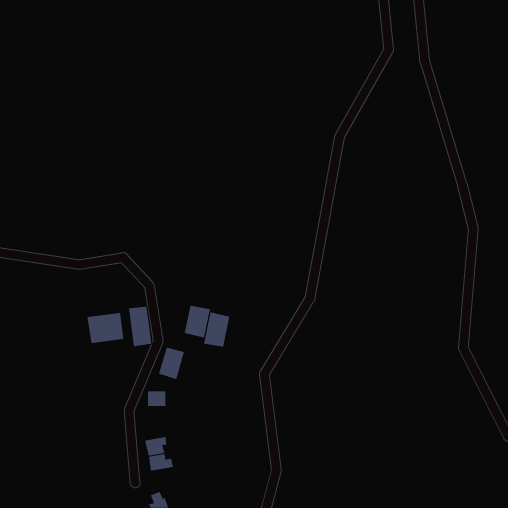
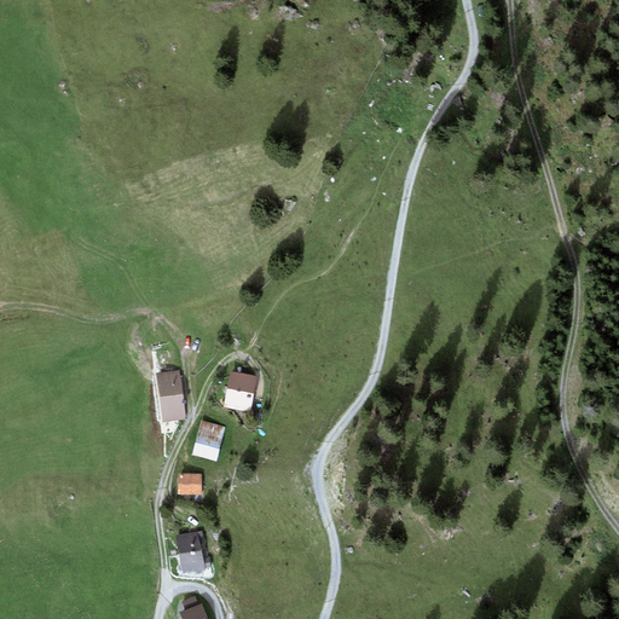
building: [204,312,230,348] -> none
building: [87,312,124,344] -> none

